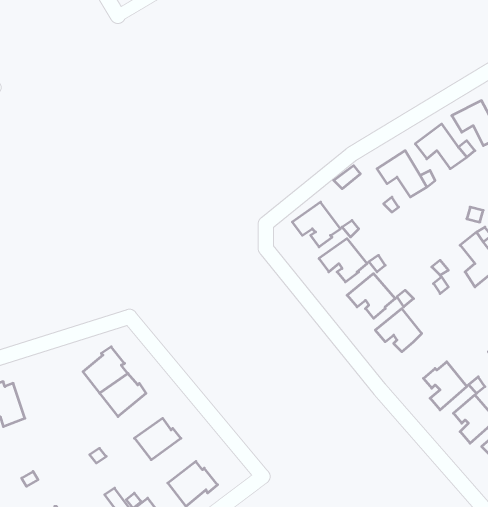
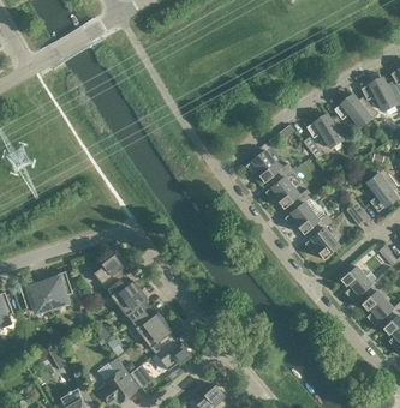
building: none -> [42,271,71,307]
building: none -> [118,289,150,322]
building: none -> [142,322,174,354]

